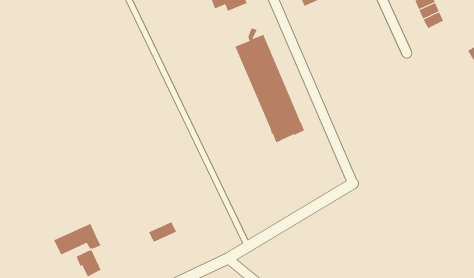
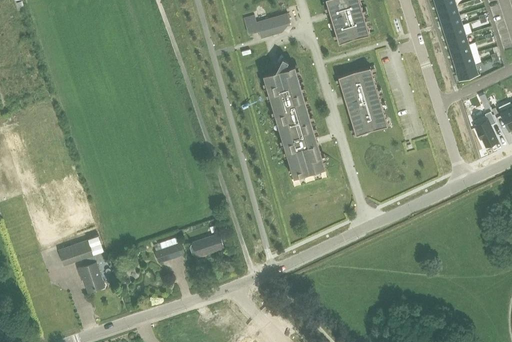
building: none -> [338,67,388,137]
building: none -> [474,113,497,147]
building: none -> [192,235,224,258]

